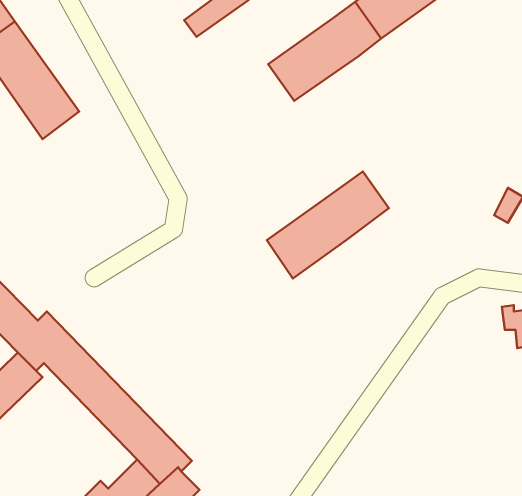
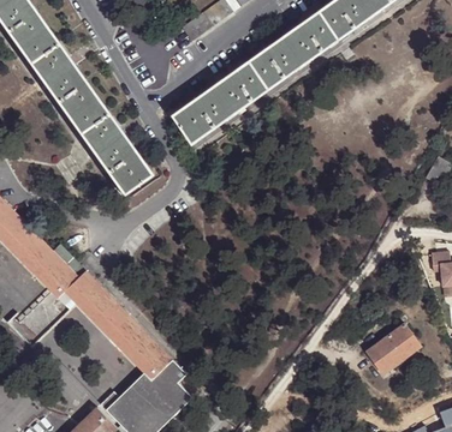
building: none -> [69,100,150,196]
building: [267,172,389,278] -> [171,62,267,146]
building: none -> [363,323,418,374]

